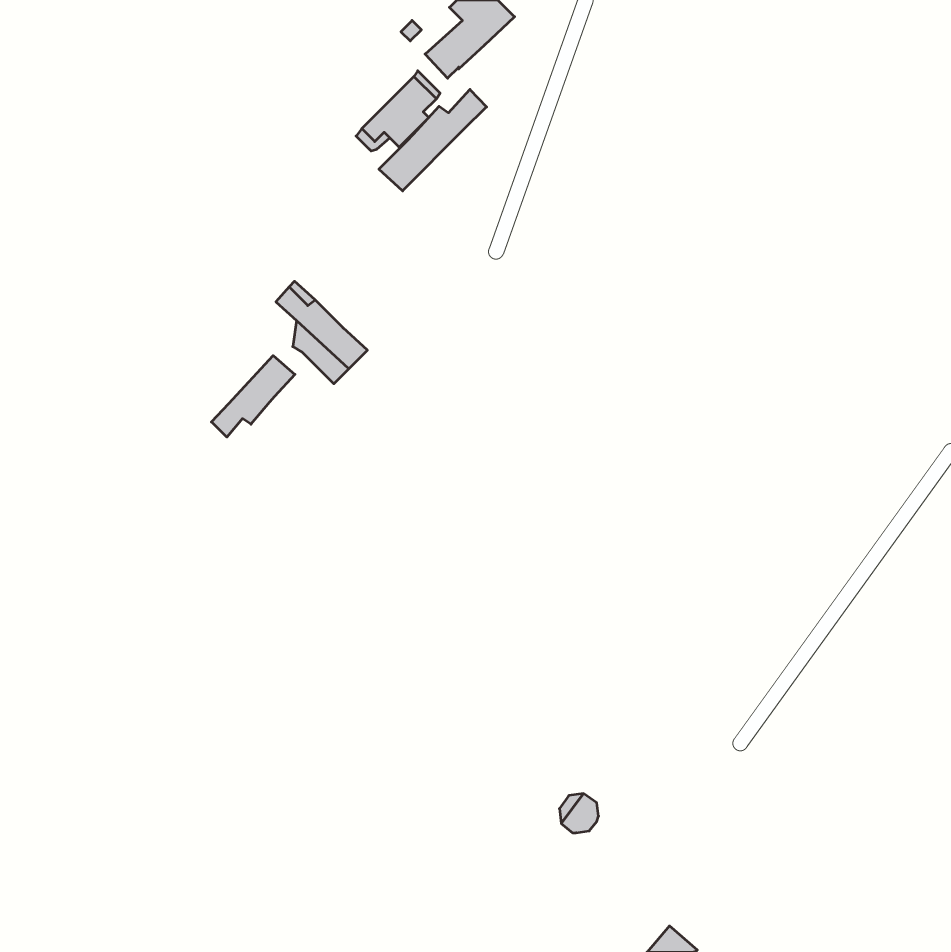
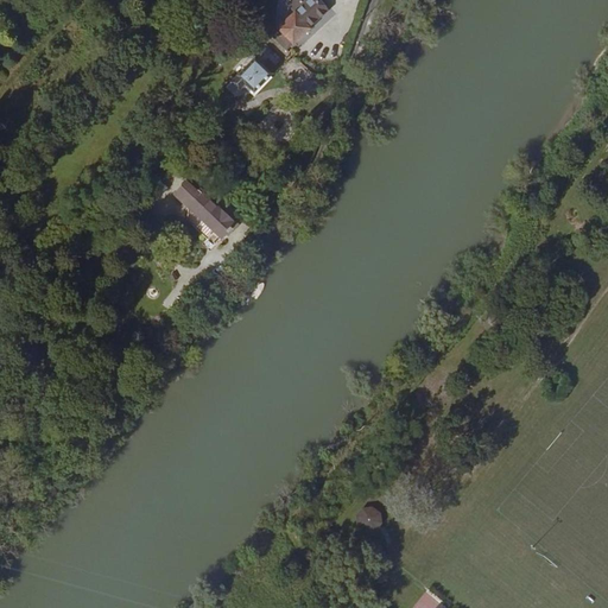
building: [379,89,487,191] -> none
building: [211,356,295,437] -> none

